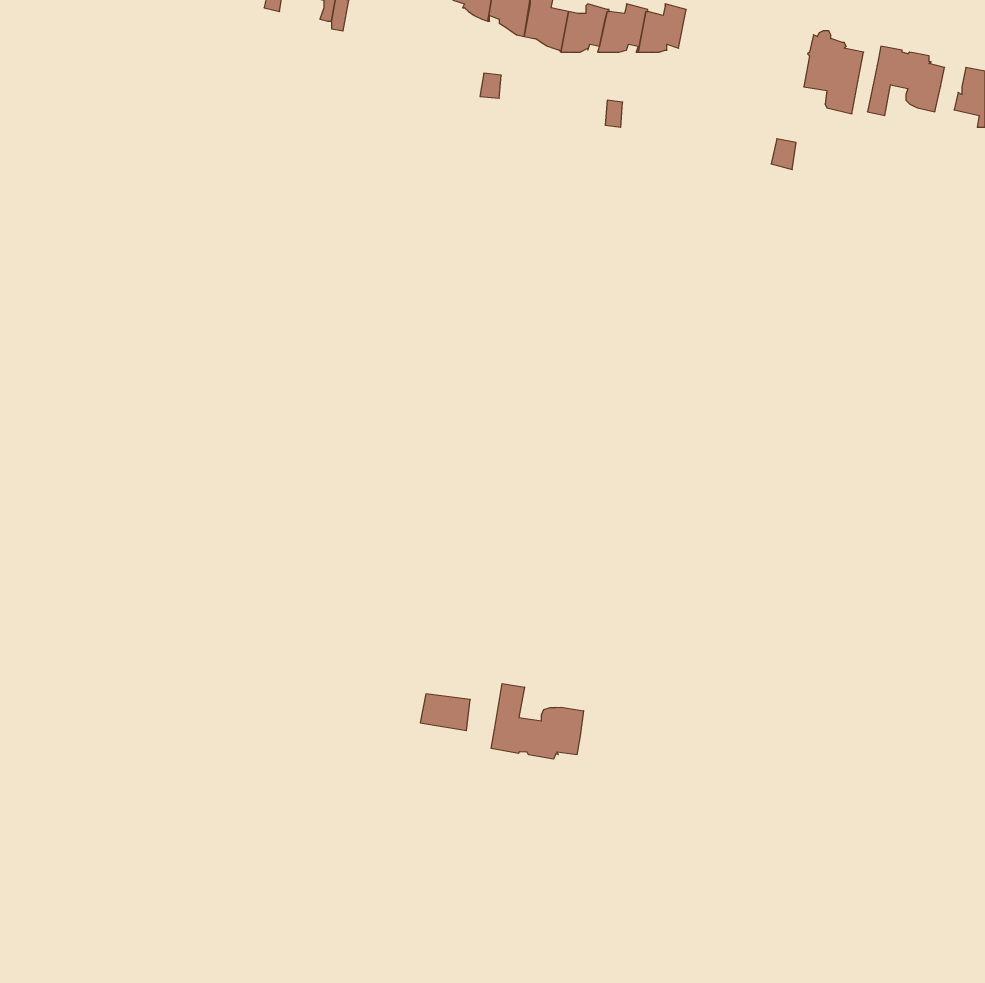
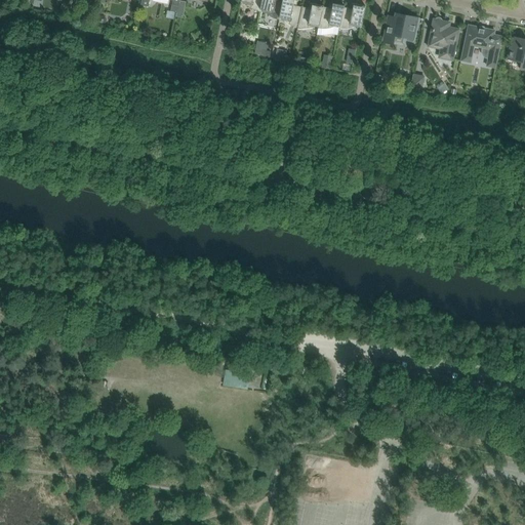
building: none -> [382,12,418,44]
building: [491,684,584,759] -> none

